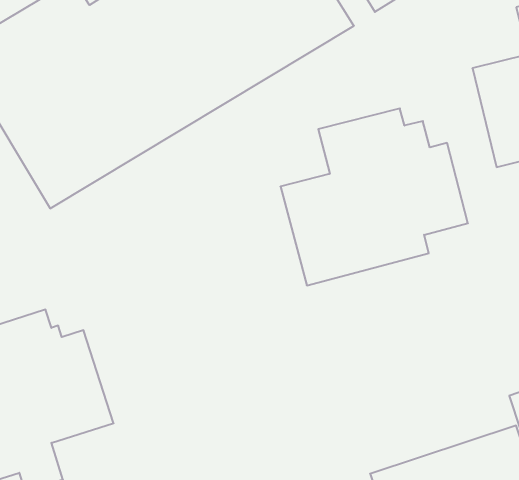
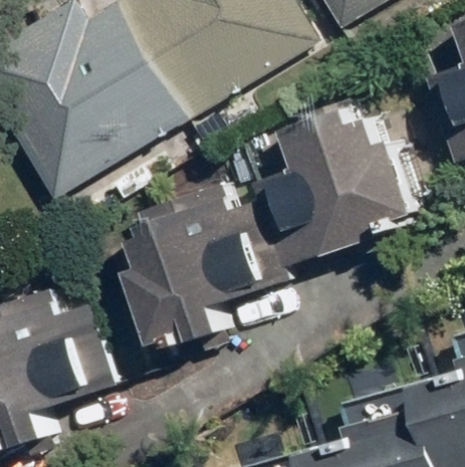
building: none -> [136,182,280,339]

